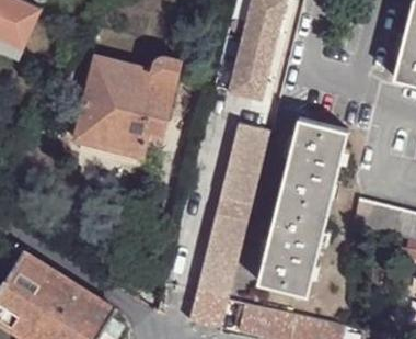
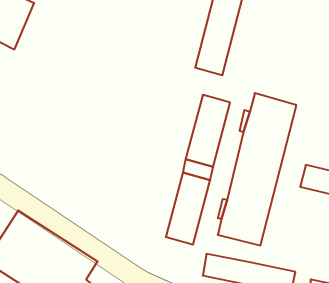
building: [74,57,180,157] -> none
building: [186,284,227,329] -> none

